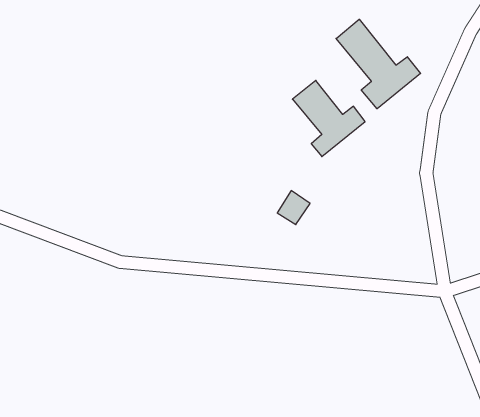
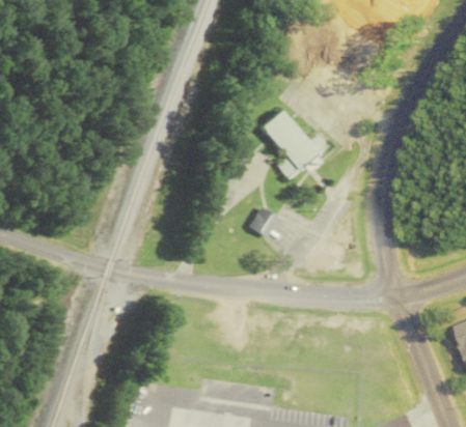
building: [336,19,421,109] -> none

